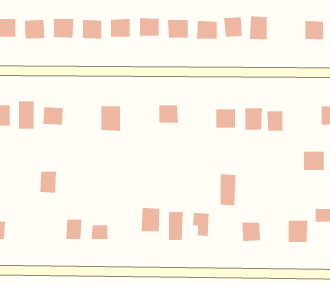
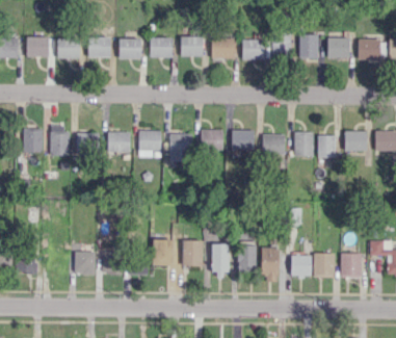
building: none -> [328,38,350,58]
building: none -> [232,130,255,151]
building: none -> [108,132,131,152]
building: none -> [169,133,192,161]
building: [303,151,324,170] -> [345,131,368,152]
building: [39,171,57,193] -> [77,252,96,276]
building: [220,174,236,206] -> [262,248,280,282]
building: none -> [154,240,174,265]
building: none -> [315,254,335,277]

